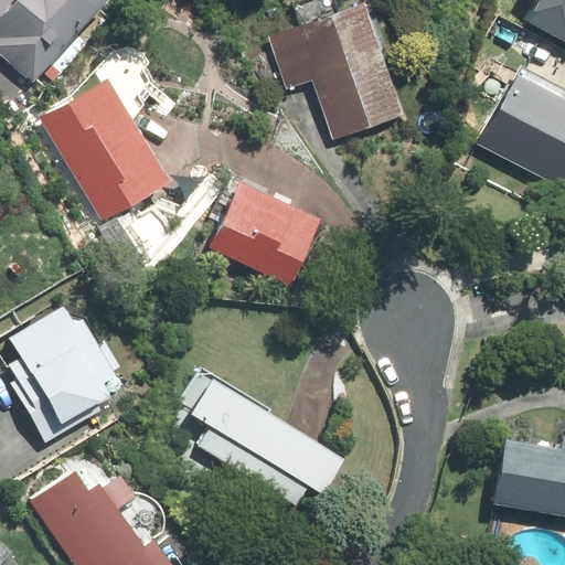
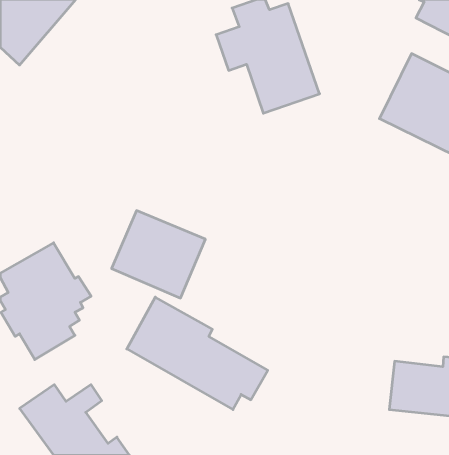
building: [45,85,167,218] -> none
building: [207,178,323,286] -> [112,211,205,298]

